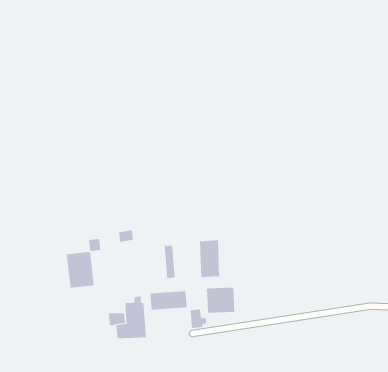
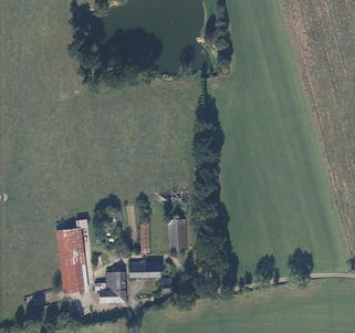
building: none -> [61,257,85,293]
building: [207,287,235,314] -> none

